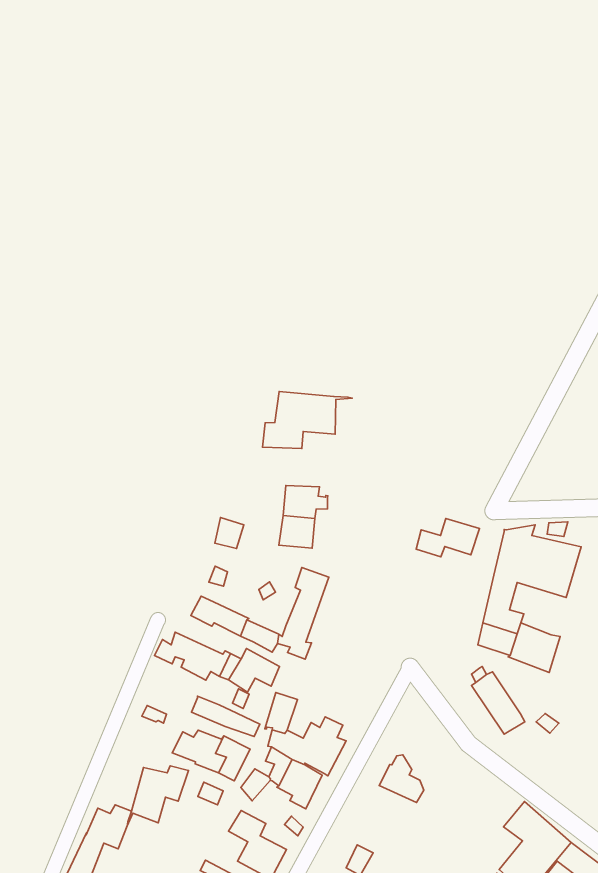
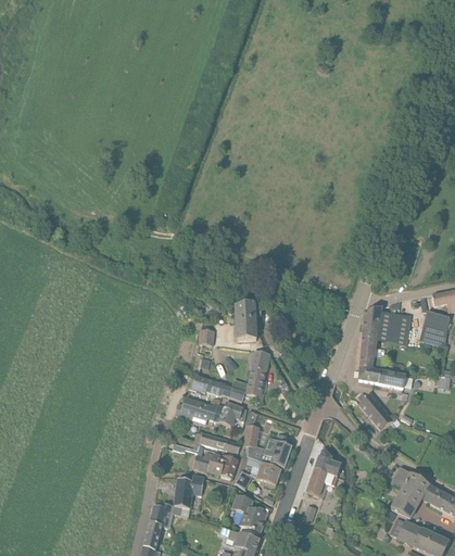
building: [262,391,352,449] -> none
building: [416,518,479,557] -> none
building: none -> [306,469,337,496]

